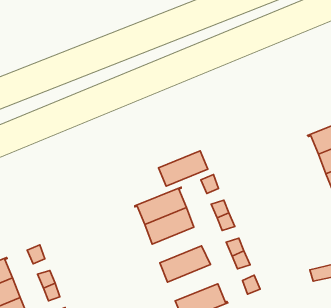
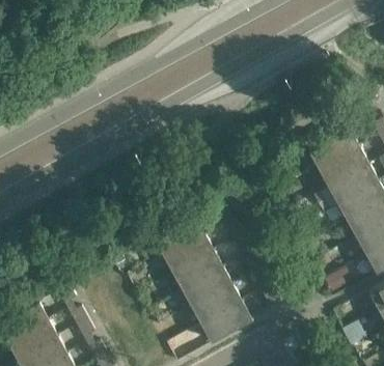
building: [159,151,208,186] -> [175,253,222,290]
building: none -> [194,286,242,325]

